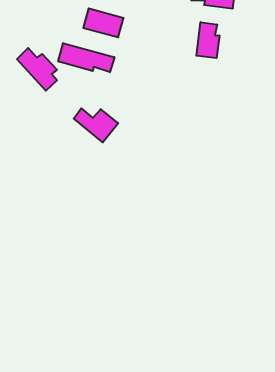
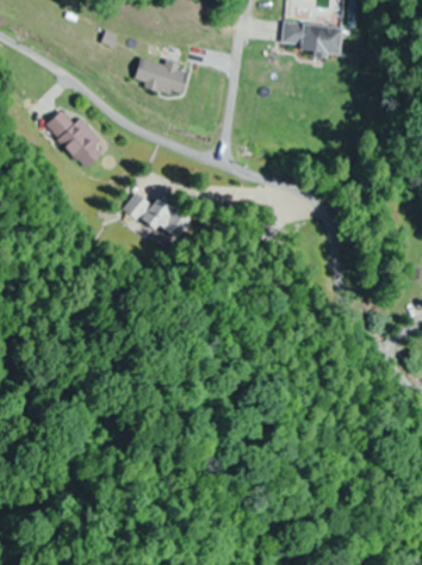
building: [196,22,219,58] -> none
building: [58,43,114,72] -> none

